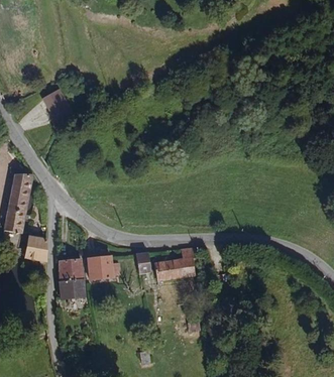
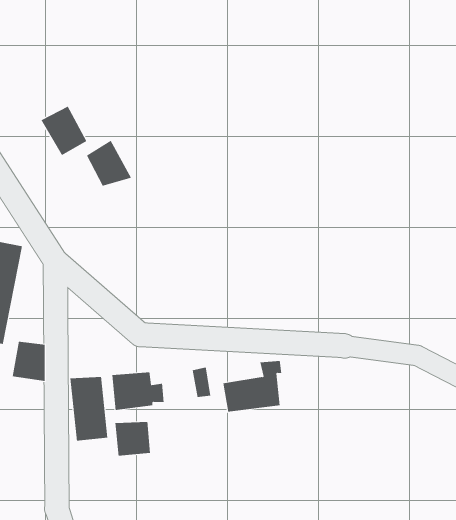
building: none -> [86,140,132,186]
building: none -> [115,421,151,457]

